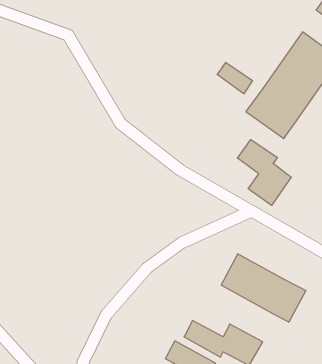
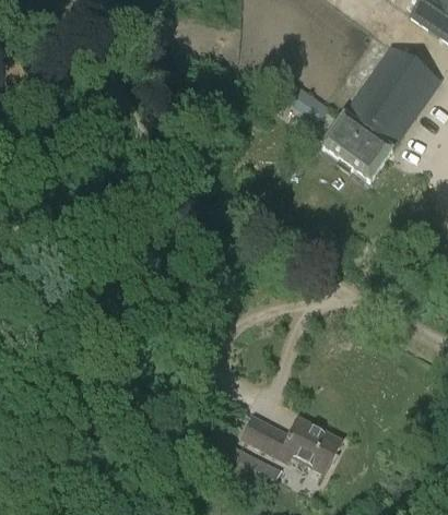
building: [237,140,291,205] -> none
building: [221,254,306,322] -> none

